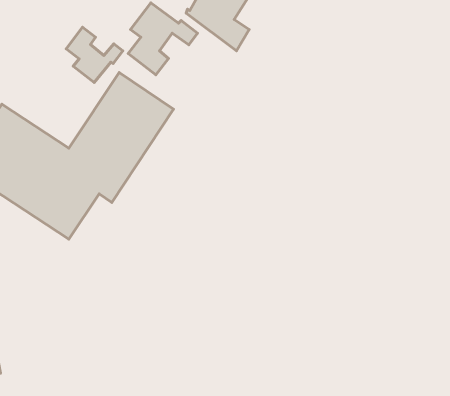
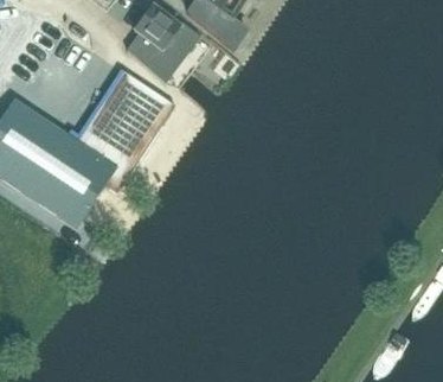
building: [66,27,123,83] -> none

